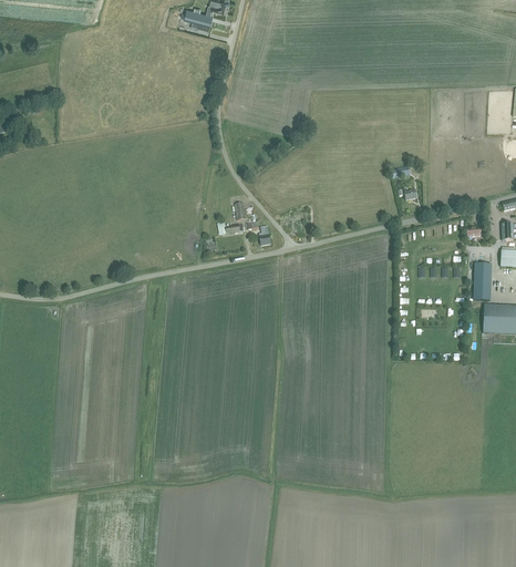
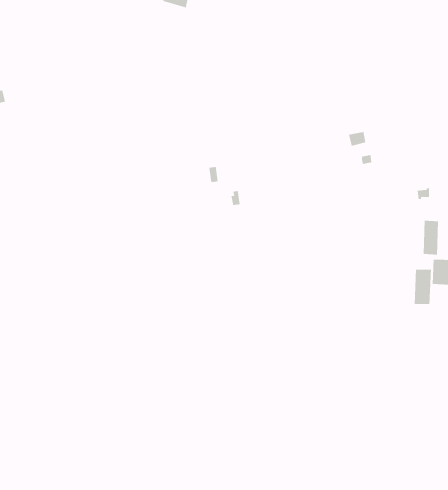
building: none -> [414,269,431,305]

